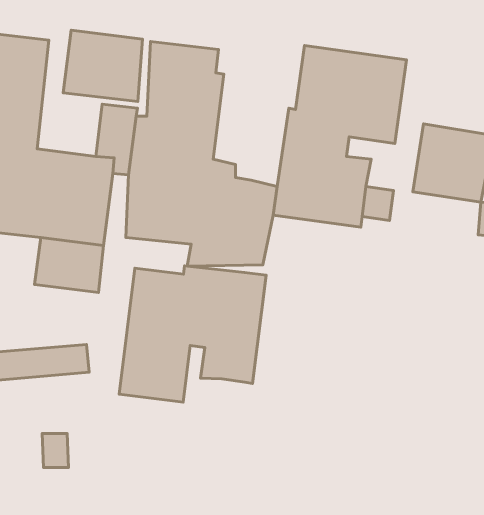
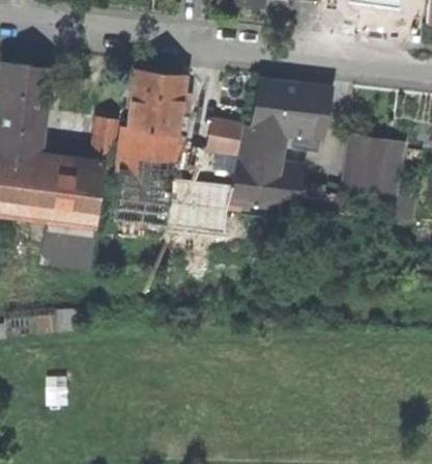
building: [63,30,143,101] -> none
building: none -> [207,116,242,182]
building: [119,266,266,402] -> none

